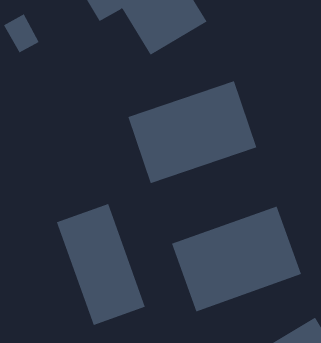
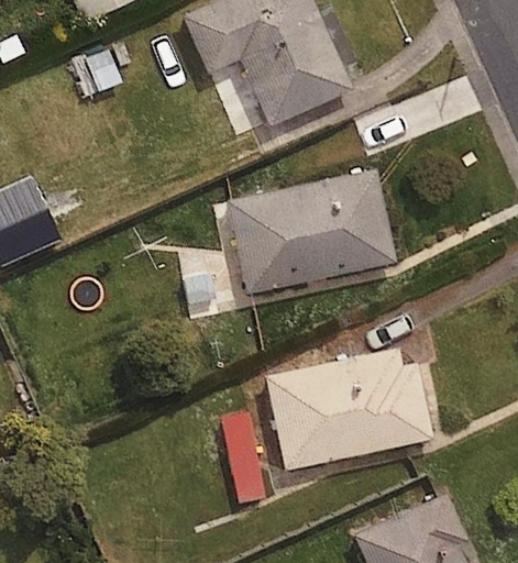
building: [56,203,146,326] -> none

